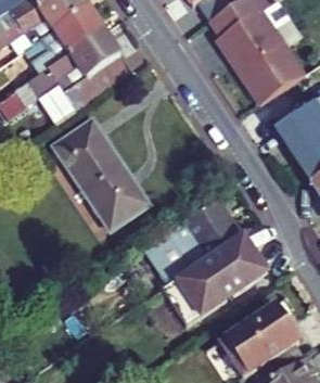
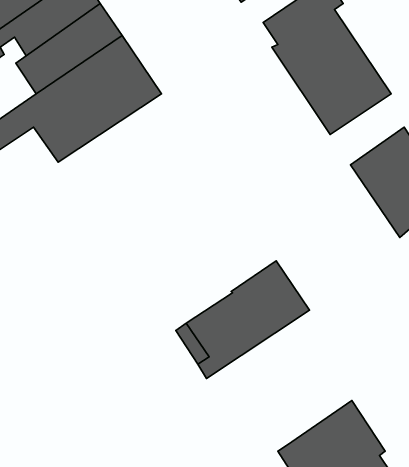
building: [53,119,149,229] -> none
building: [162,234,268,324] -> none

